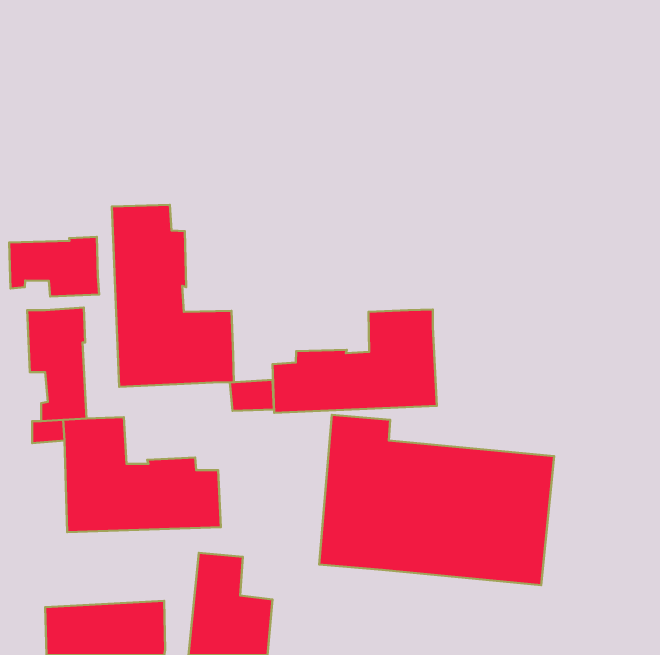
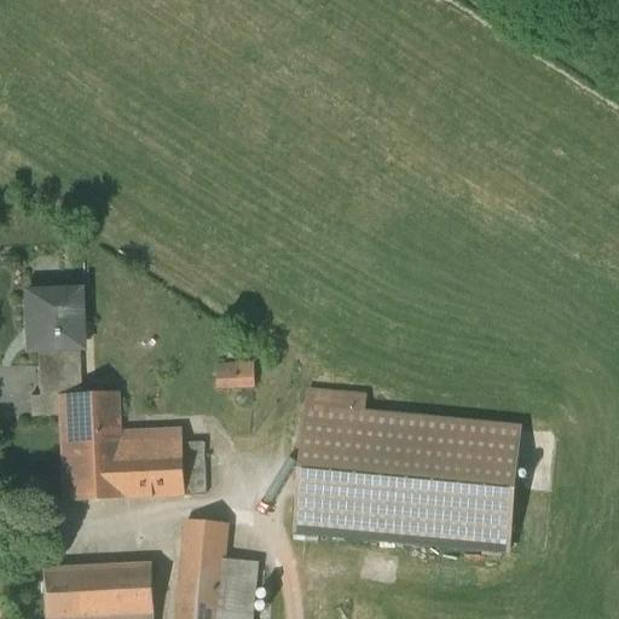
building: [112,205,234,387] -> none
building: [9,237,99,297] -> none
building: [273,309,437,413] -> none

